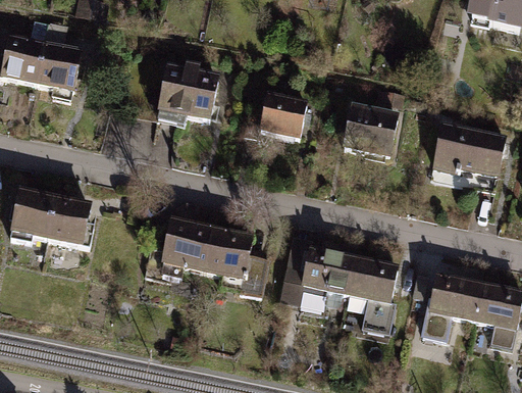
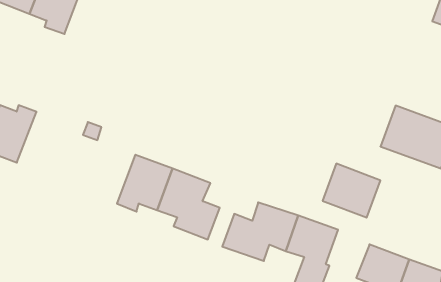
building: [155,62,220,126] -> none
building: [261,93,312,138] -> none
building: [345,105,403,157] -> [323,164,380,218]
building: [45,190,95,256] -> none

